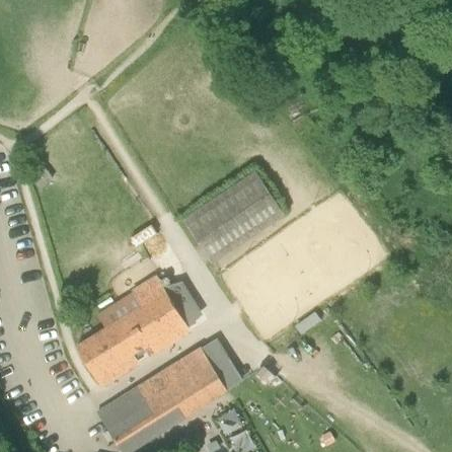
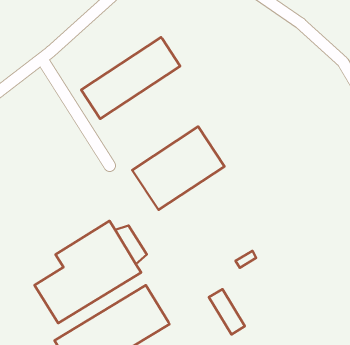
building: none -> [81,37,180,119]
building: [199,338,239,389] -> [209,289,245,334]

